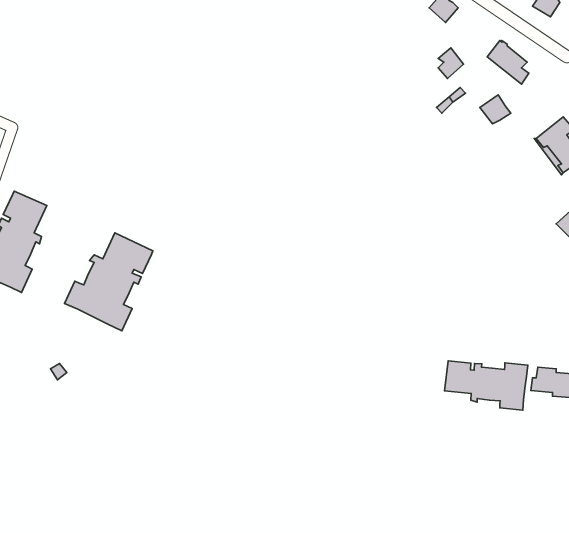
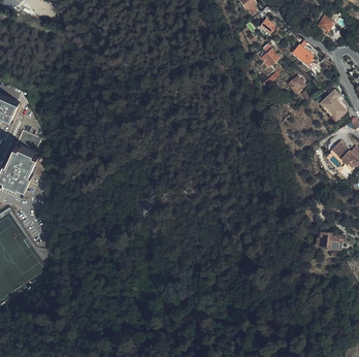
building: [65,233,153,331] -> none
building: [445,361,528,410] -> none

